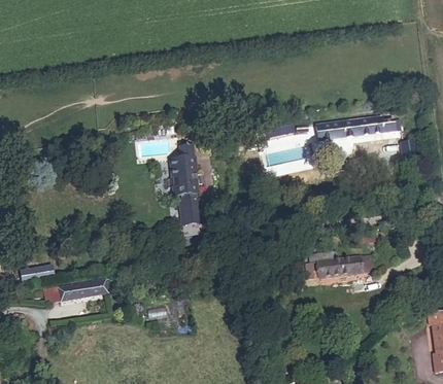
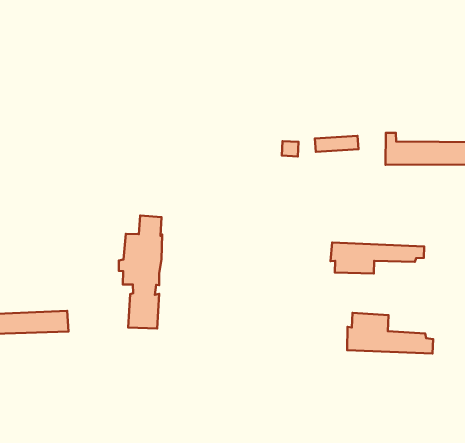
building: [168,144,202,225] -> [119,215,162,329]
building: none -> [331,242,424,274]

